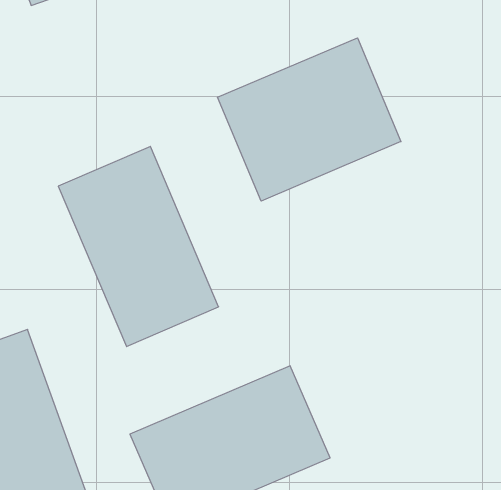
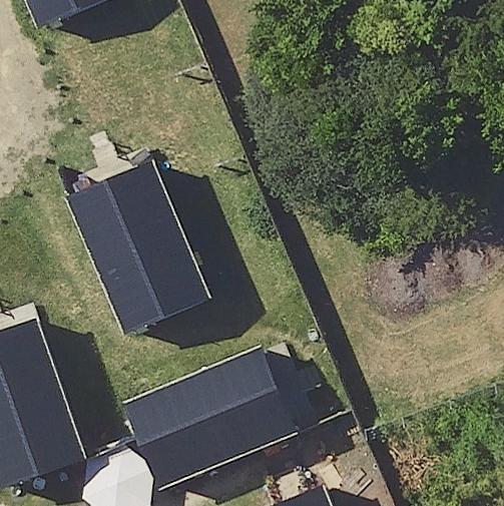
building: [218,38,401,201] -> none

